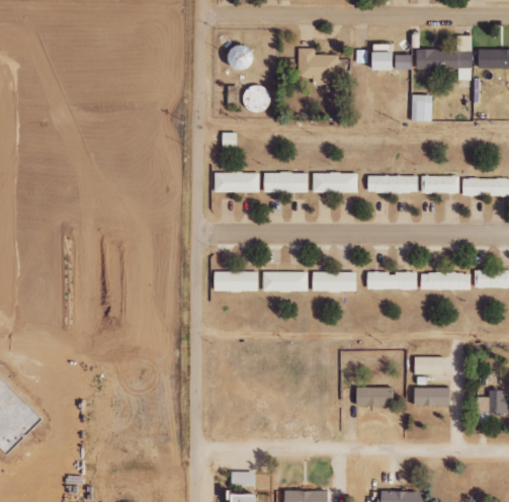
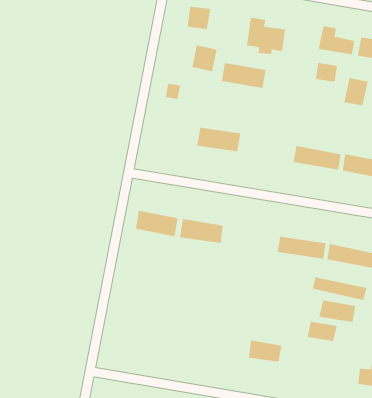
building: none -> [315,62,338,83]
building: [215,172,259,191] -> none
building: [313,172,358,192] -> [221,63,266,88]
building: [313,271,356,290] -> none
building: none -> [312,276,367,301]
building: [413,387,450,405] -> [319,300,356,323]

